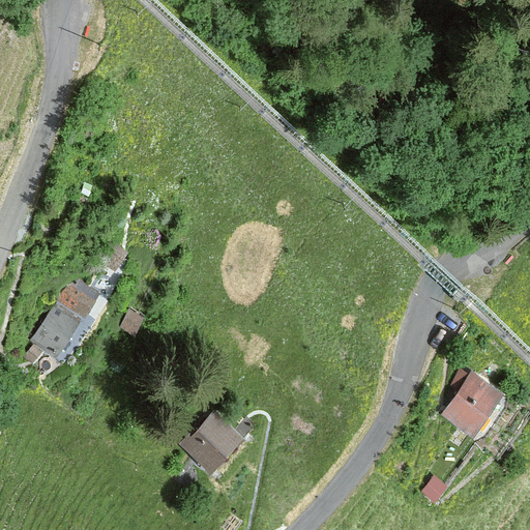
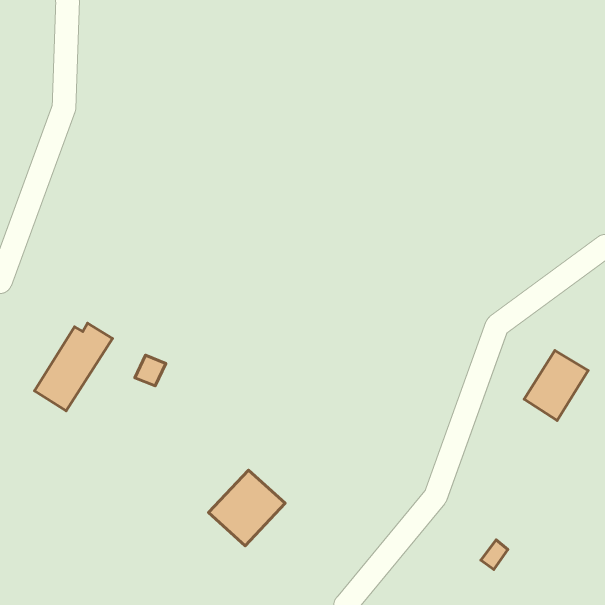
building: [440,366,496,428] -> [524,351,588,420]

